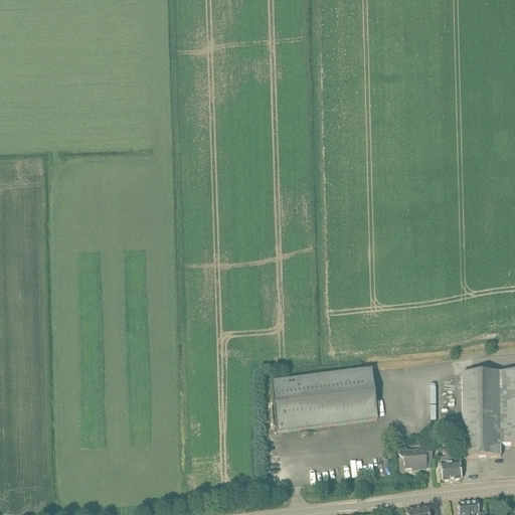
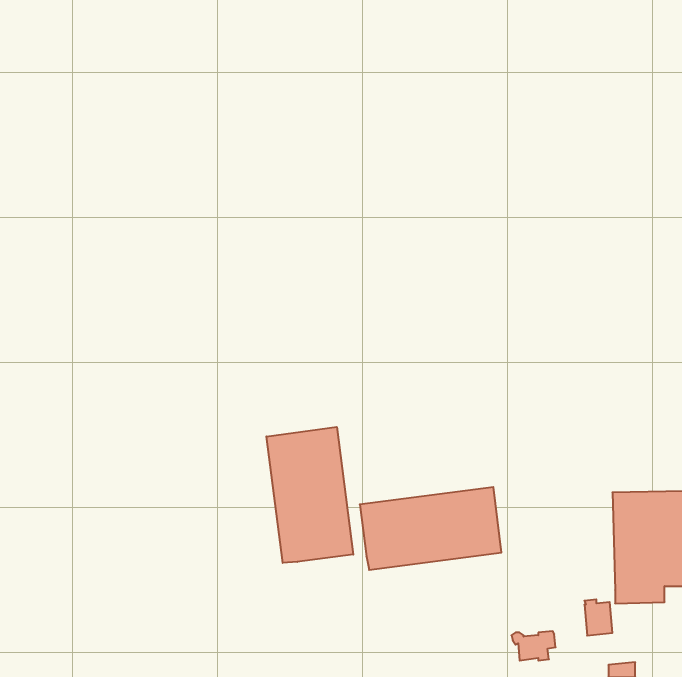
building: none -> [266,427,353,563]
building: [399,444,433,466] -> [511,631,556,661]

